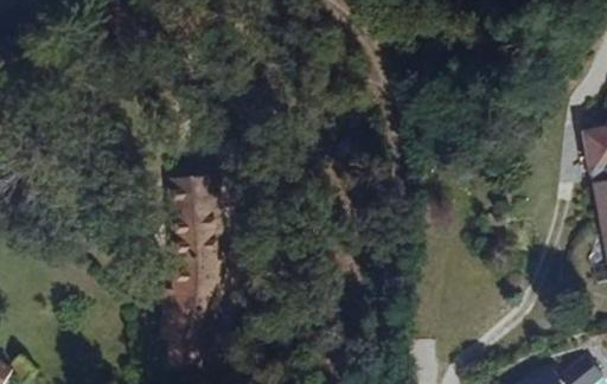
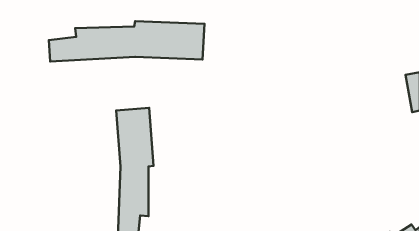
building: none -> [49,21,204,62]

